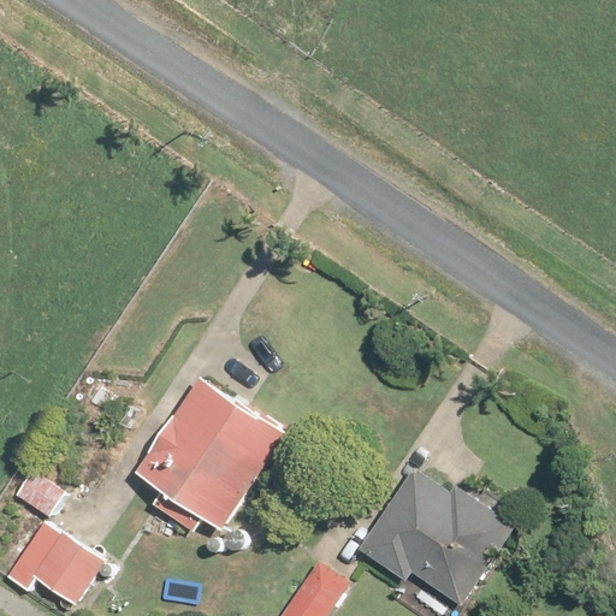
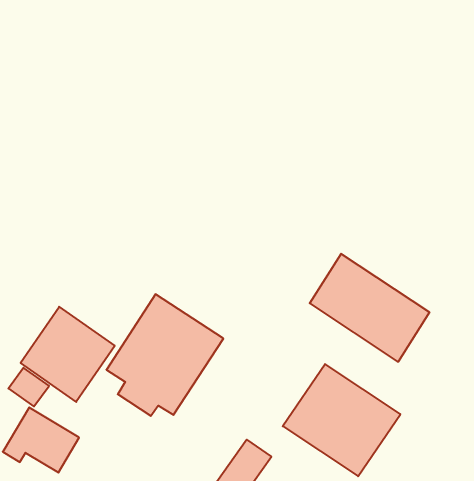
building: none -> [310,254,429,362]
building: none -> [21,307,115,402]

